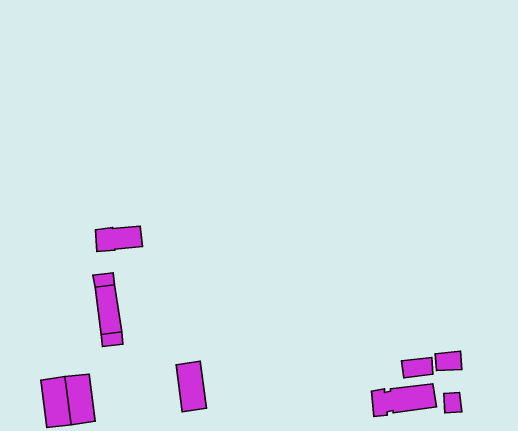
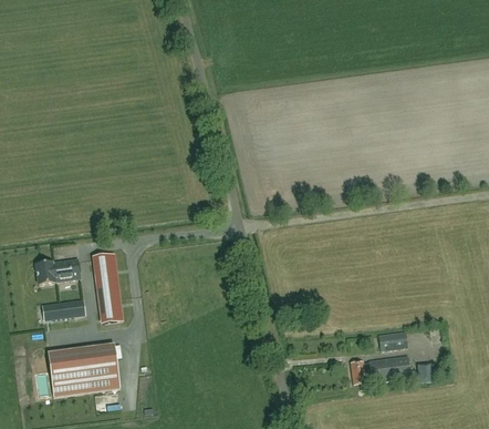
building: [96,226,143,251] -> [37,261,80,284]
building: none -> [42,299,84,320]
building: [176,361,206,412] -> [92,344,119,390]

